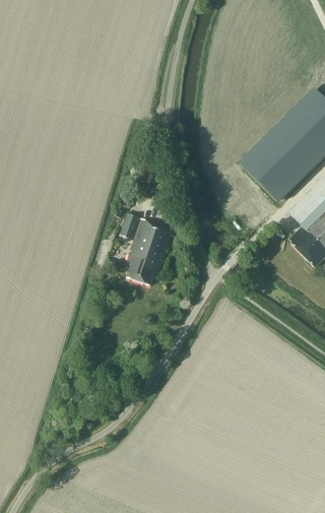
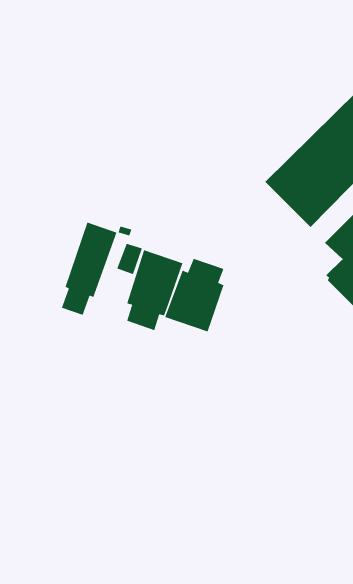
building: none -> [61,222,118,316]
building: none -> [164,258,225,333]

